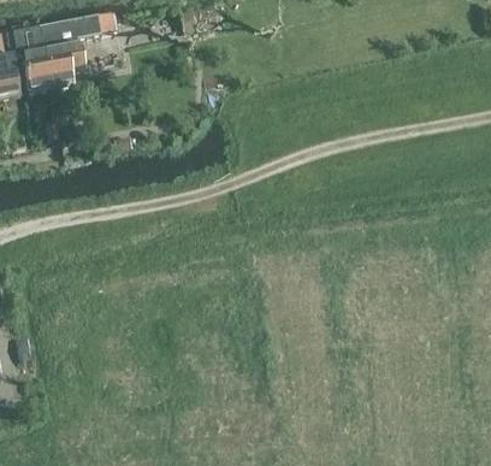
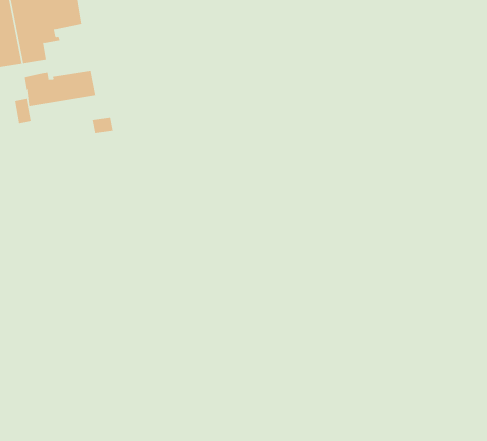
building: none -> [24,70,96,107]

